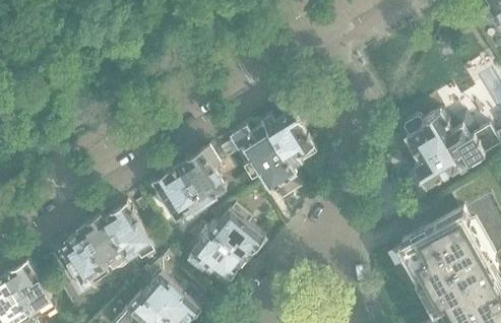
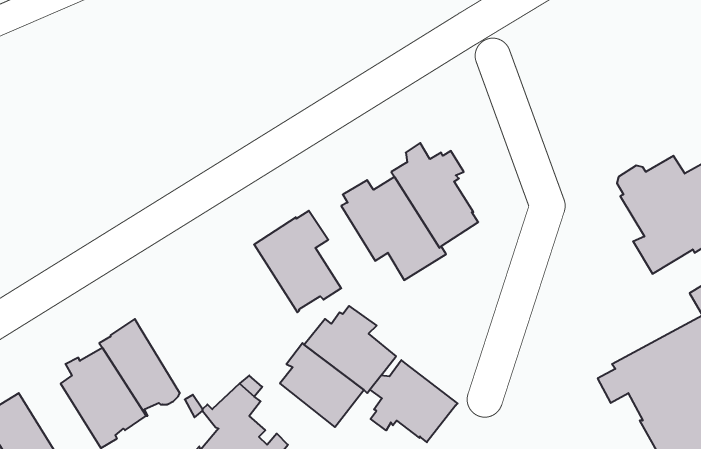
building: [150,169,201,225] -> none
building: [102,204,154,262] -> none
building: none -> [370,360,458,442]

